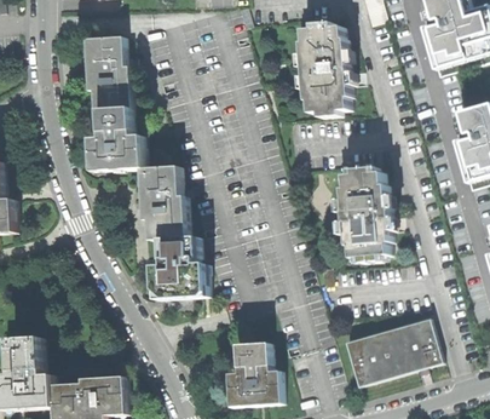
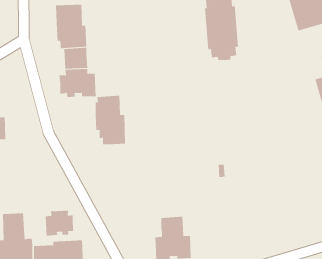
building: [342,167,391,262] -> none
building: [155,236,209,298] -> none
building: [345,317,442,385] -> none
building: none -> [45,210,74,237]

